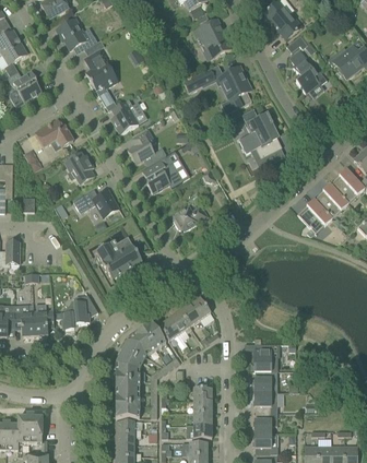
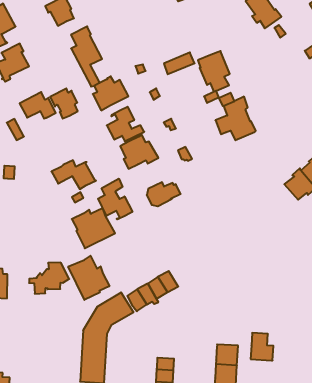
building: [193,19,232,58] -> none
building: [288,48,327,93] -> none
building: [64,152,94,183] -> [50,88,78,119]
building: [297,198,331,233] -> none
building: none -> [98,179,132,219]
building: none -> [68,256,109,300]
building: [33,302,54,335] -> none
building: [254,343,277,370] -> [251,333,273,360]

